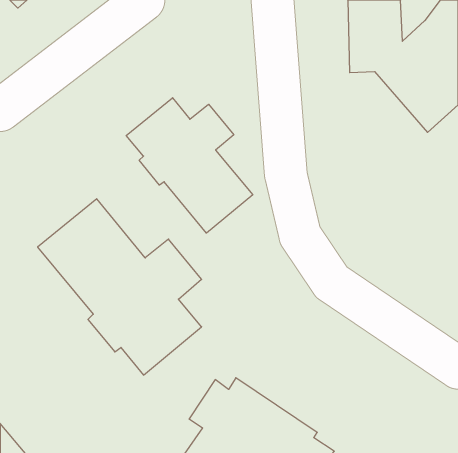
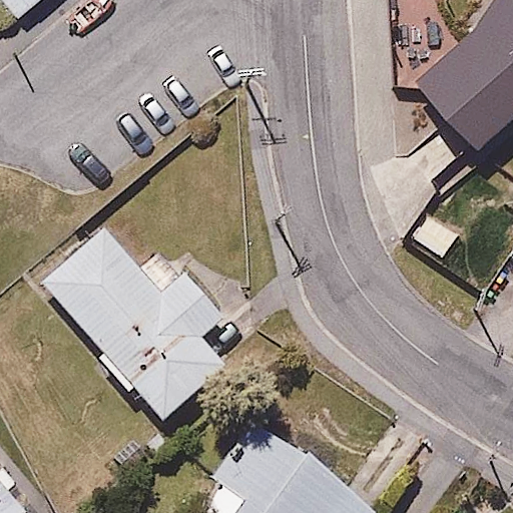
building: [126,98,253,233] -> none

